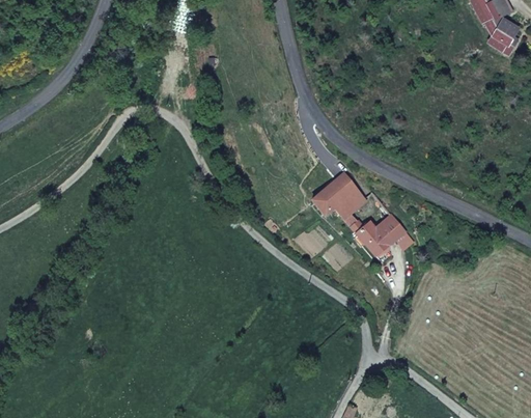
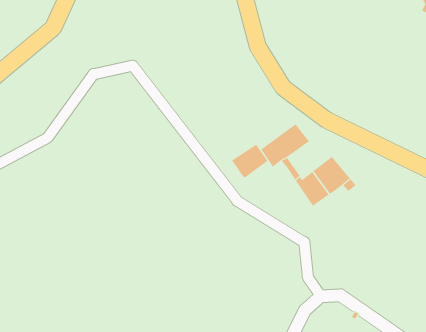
building: none -> [231,144,268,178]

